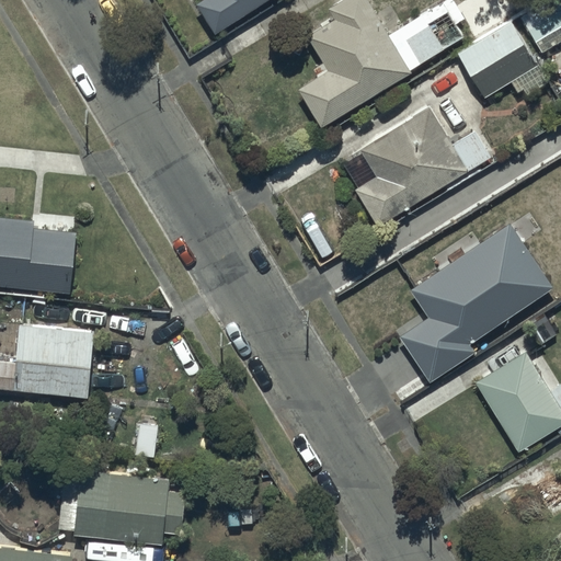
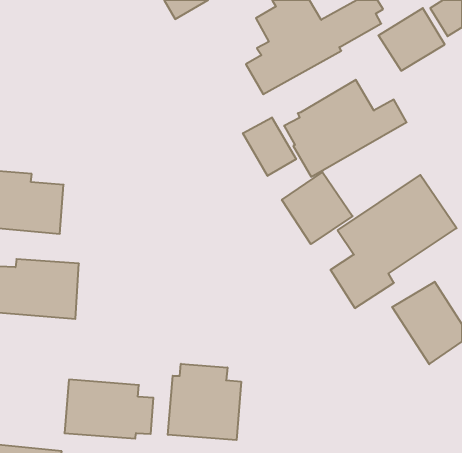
building: none -> [243,117,296,176]
building: none -> [282,172,353,244]
building: none -> [168,364,241,440]

